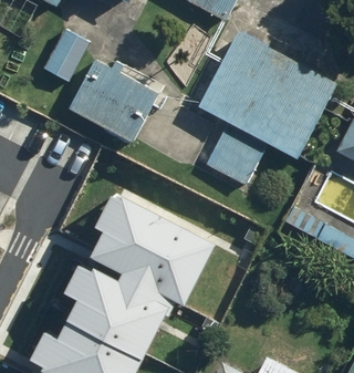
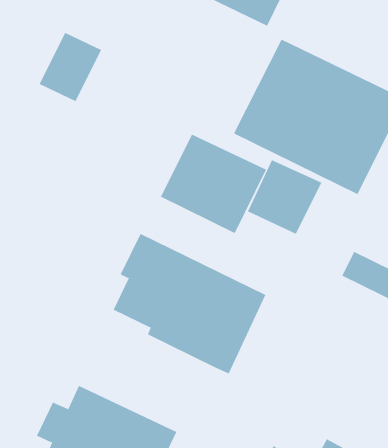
building: [65,63,152,144] -> [160,134,267,234]
building: [64,258,178,350] -> none

